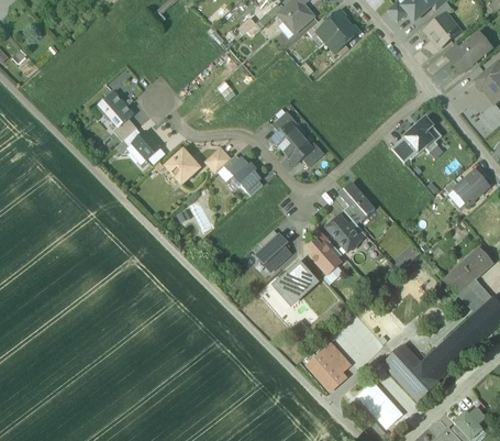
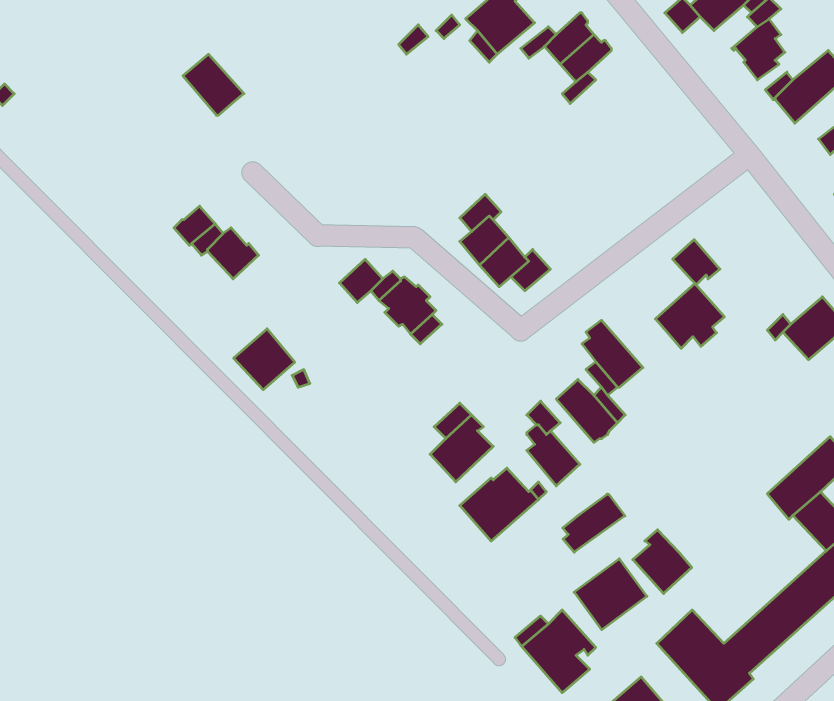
building: [99,91,133,125] -> [183,54,244,115]
building: [403,117,442,153] -> [655,283,724,348]
building: [165,148,199,183] -> [234,329,295,390]
building: none -> [563,494,625,552]
building: none -> [633,530,692,594]

